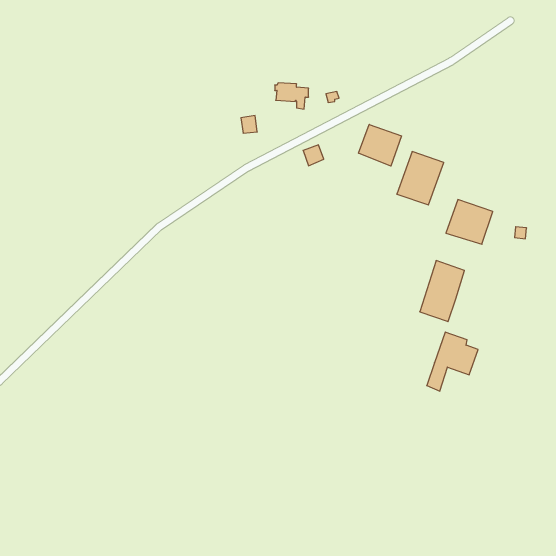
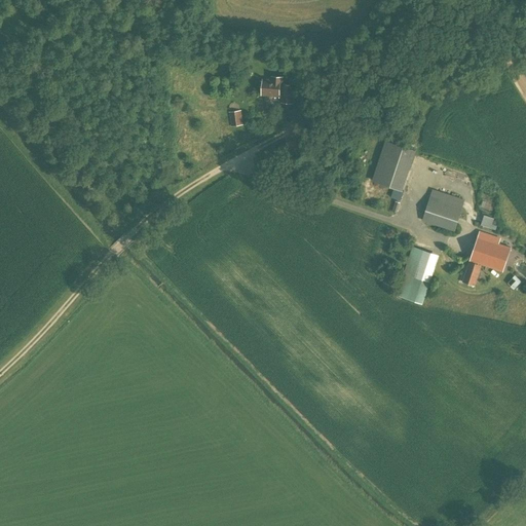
building: [359,124,401,166] -> none
building: [427,332,478,391] -> [461,230,510,286]

